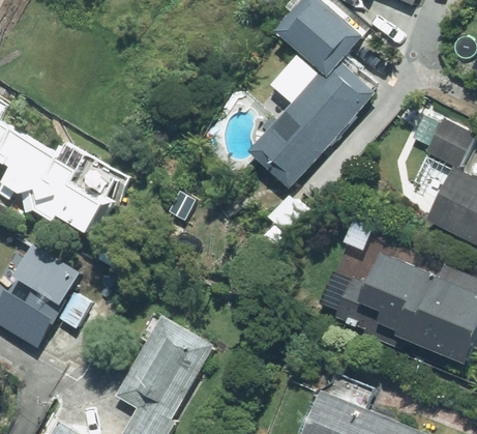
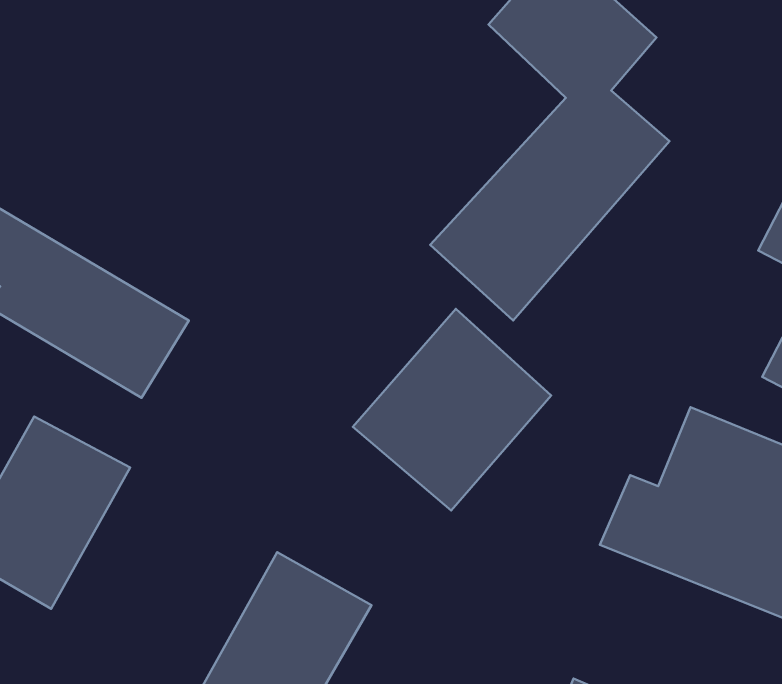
building: none -> [353,309,551,511]

